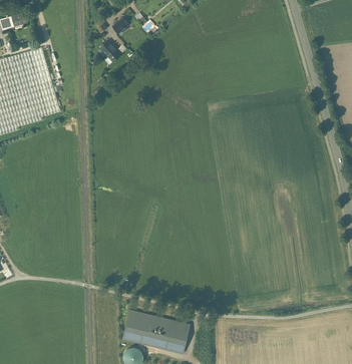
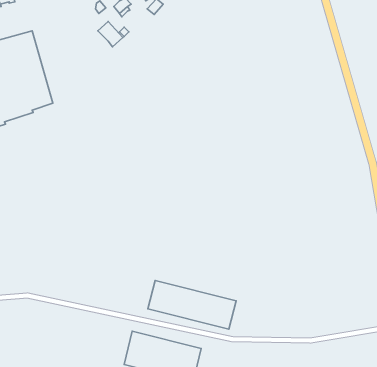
building: none -> [148,281,236,329]

